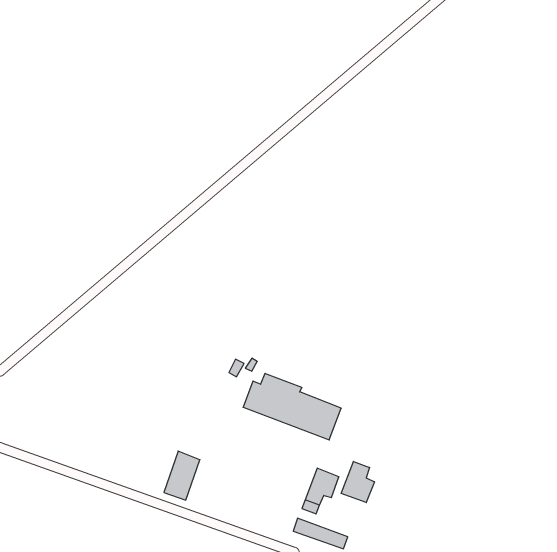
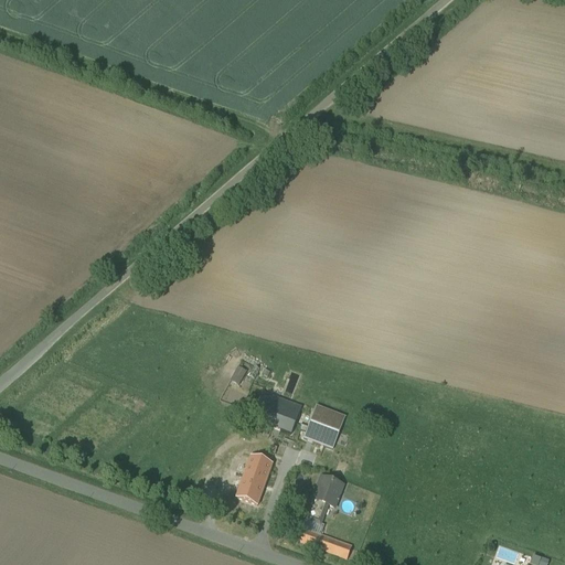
building: [164,451,200,500] -> [236,452,273,502]
building: [341,461,374,503] -> none

